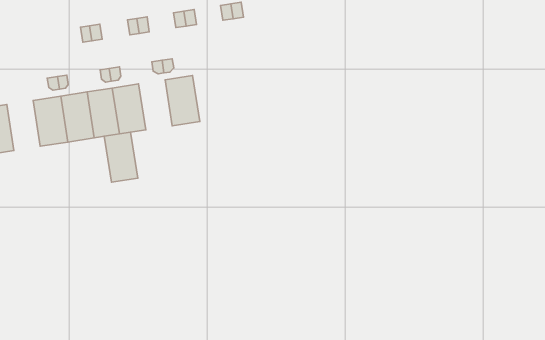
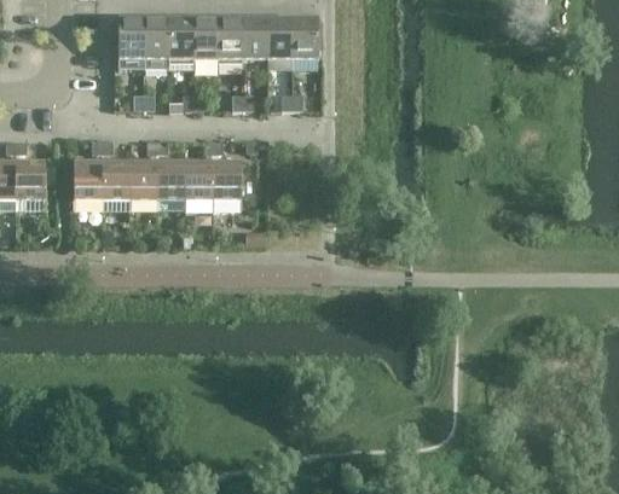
building: [104,132,138,182] -> [186,159,214,208]

